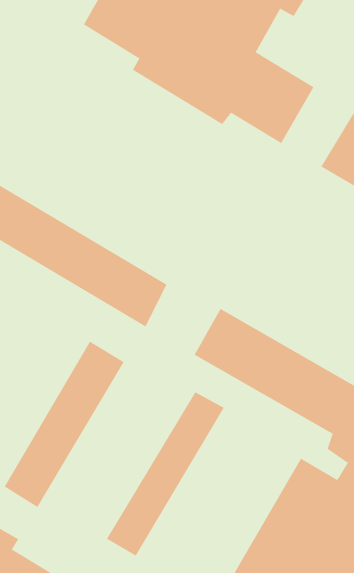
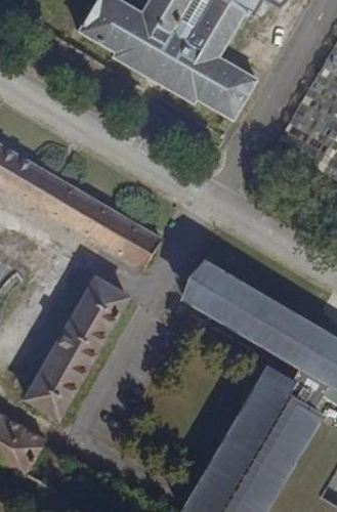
building: [106,391,224,557] -> none

